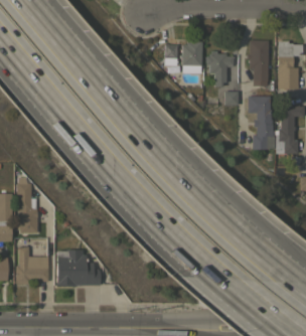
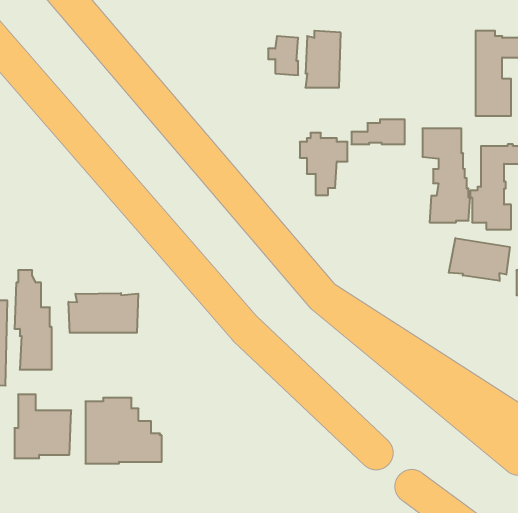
building: [248,40,269,81] -> none
building: [206,51,234,87] -> [300,133,348,195]
building: none -> [449,238,510,281]
building: none -> [69,293,138,333]

